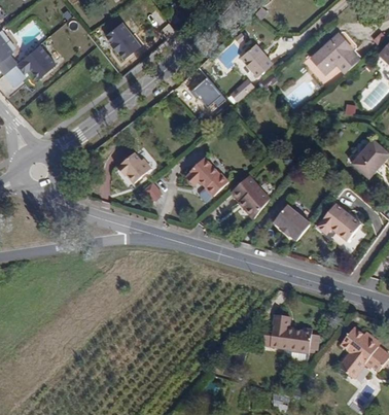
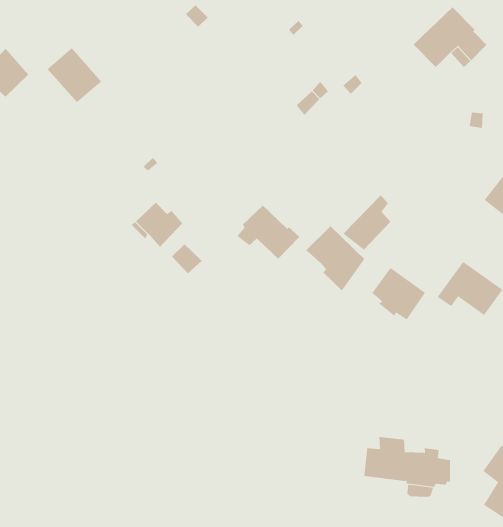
building: [104,22,140,59] -> [47,48,102,103]
building: [240,43,272,76] -> none
building: [188,76,223,105] -> none
building: none -> [342,194,391,250]

